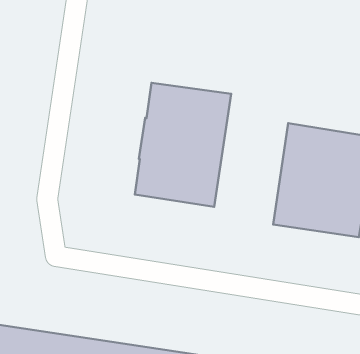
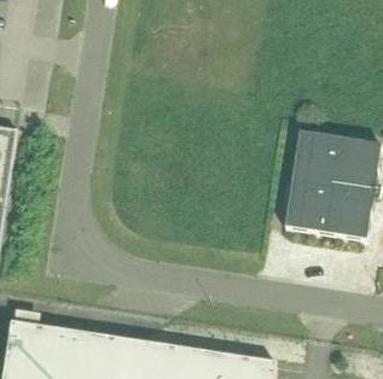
building: [135,83,231,207] -> none

